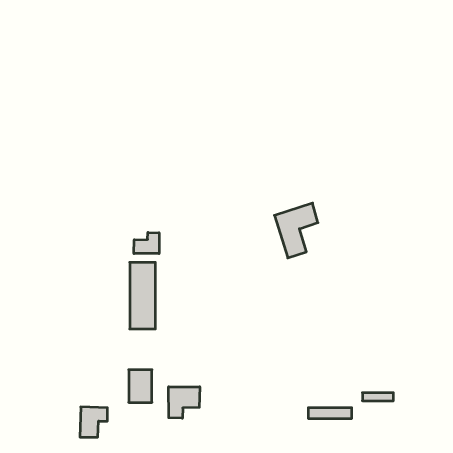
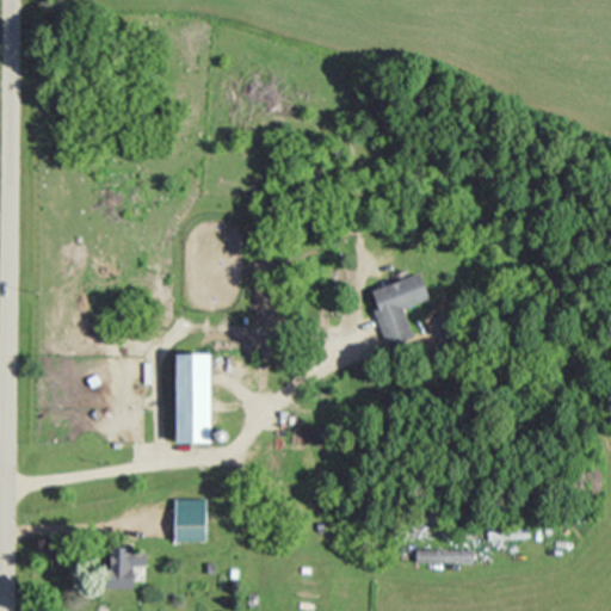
building: [134,232,159,254] -> none
building: [169,387,200,418] -> none

